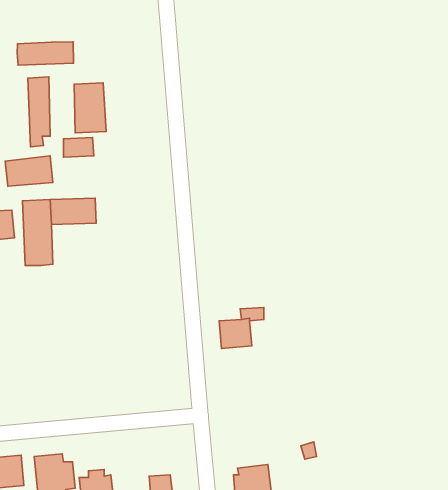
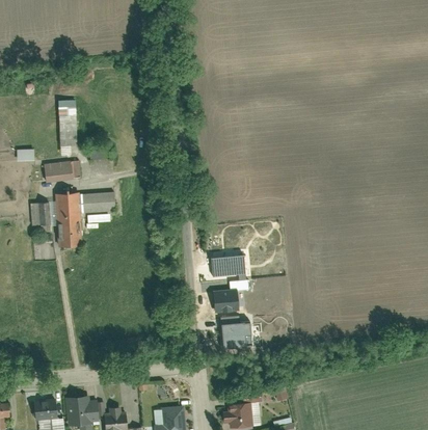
building: [17,42,74,65] -> none
building: [74,83,106,133] -> none
building: none -> [211,254,245,276]
building: none -> [220,315,250,348]

